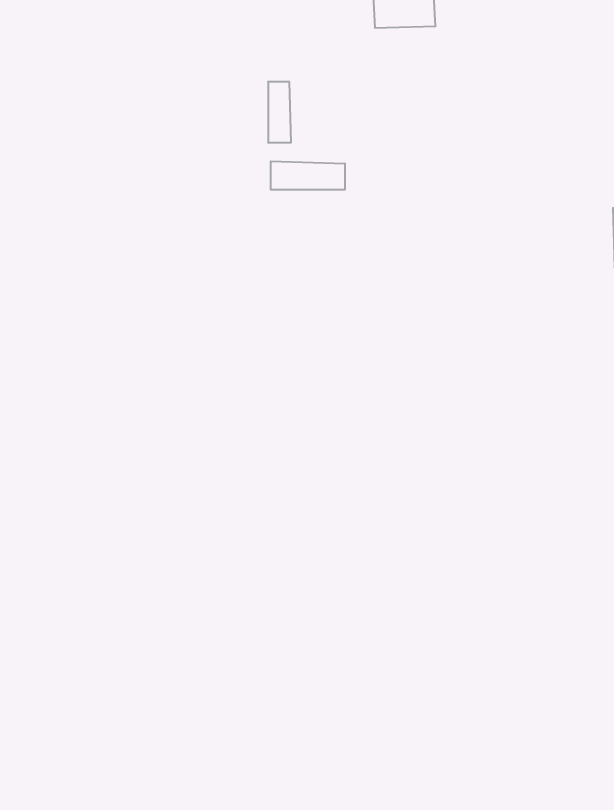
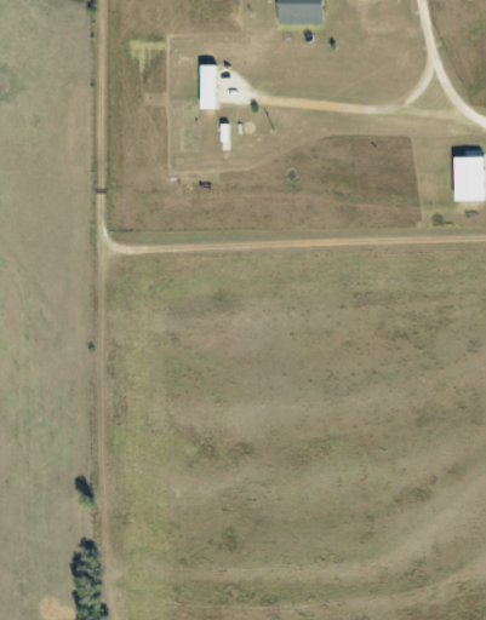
building: [271,161,345,190] -> none

